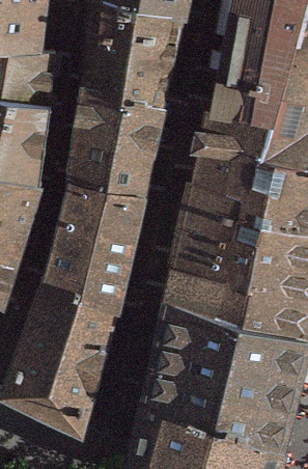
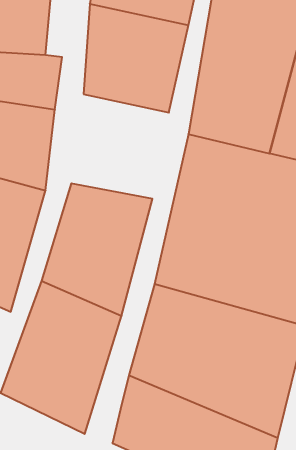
building: [74,98,172,203] -> none

